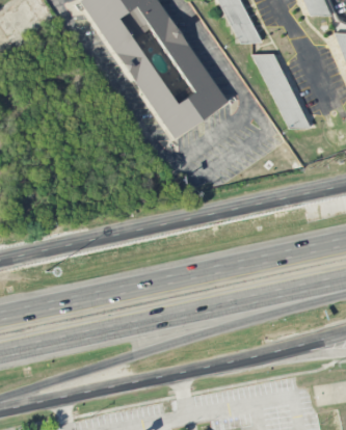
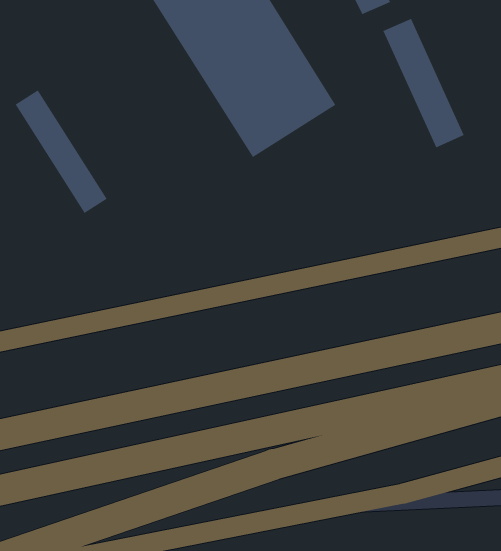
building: none -> [15,89,107,214]

